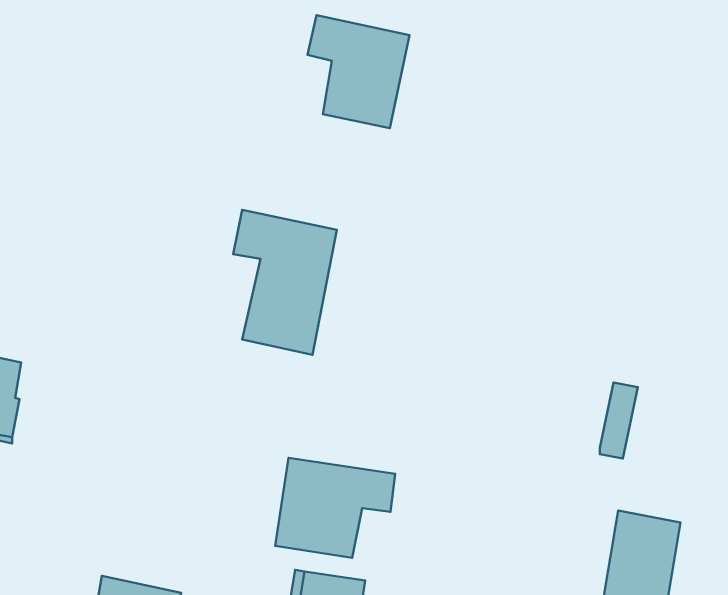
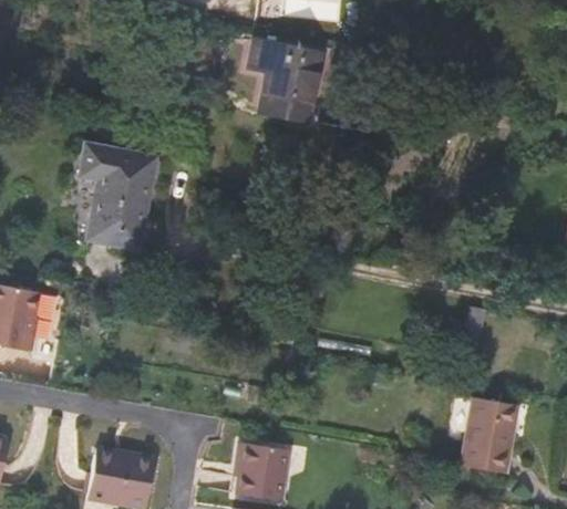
building: [233,210,337,355] -> [80,144,155,249]
building: [275,458,395,558] -> none

